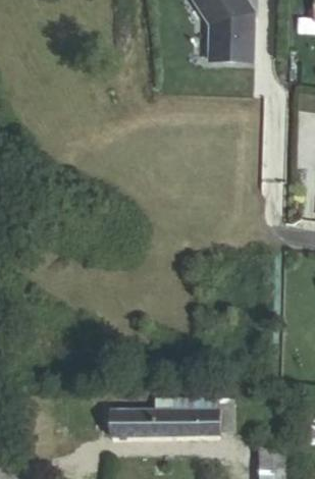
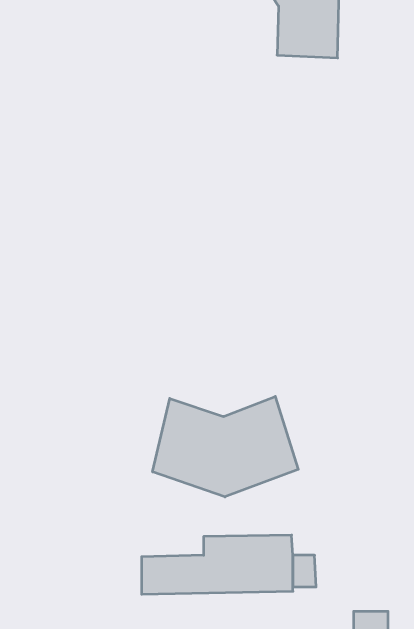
building: none -> [153,396,298,497]

